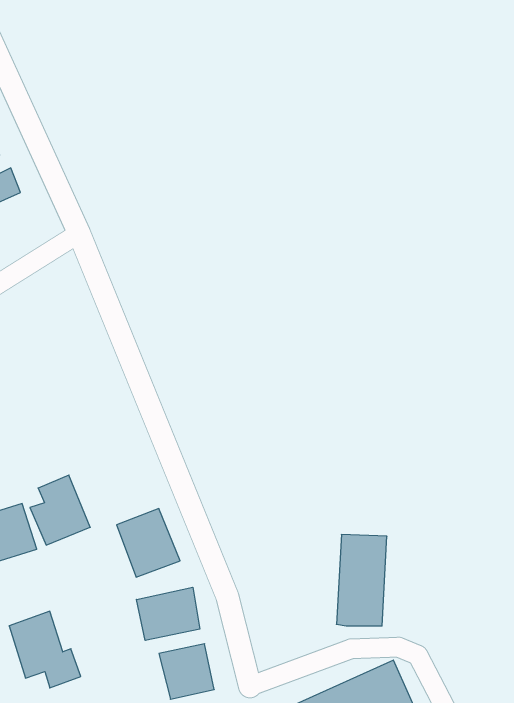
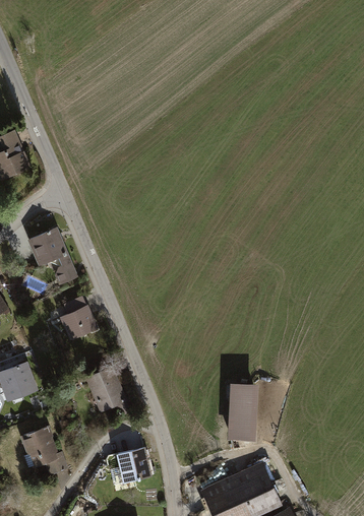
building: none -> [26,229,75,284]
building: [30,475,90,545] -> [60,295,98,338]
building: [136,587,200,640] -> none

